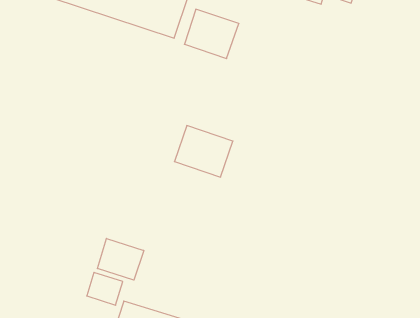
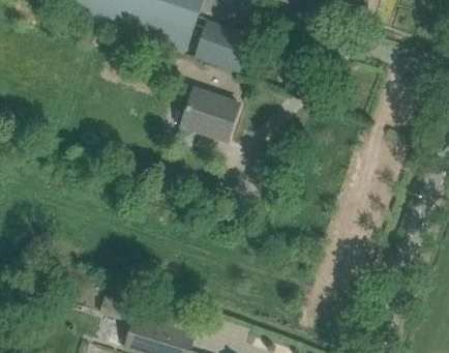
building: [174,126,233,177] -> [180,87,239,139]
building: [97,238,144,280] -> none

